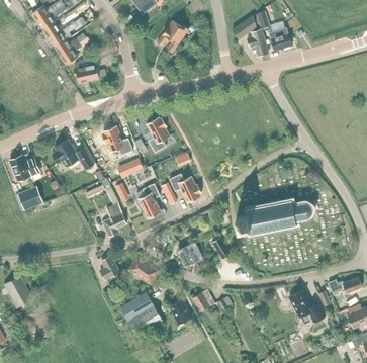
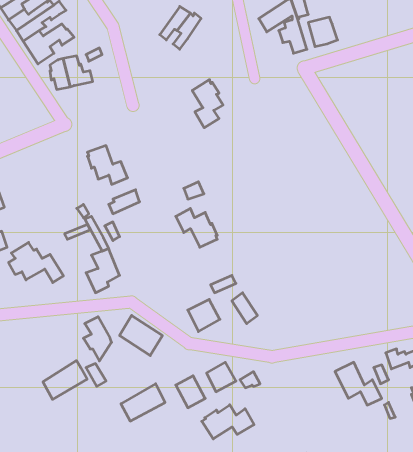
building: [146,116,169,153] -> [192,80,223,128]
building: [52,139,93,169] -> [9,242,63,283]
building: [137,183,161,218] -> none
building: [236,200,311,234] -> none
building: [120,291,154,321] -> [43,361,87,399]
building: none -> [202,405,254,439]

